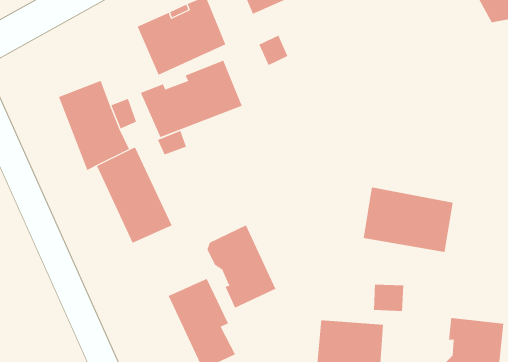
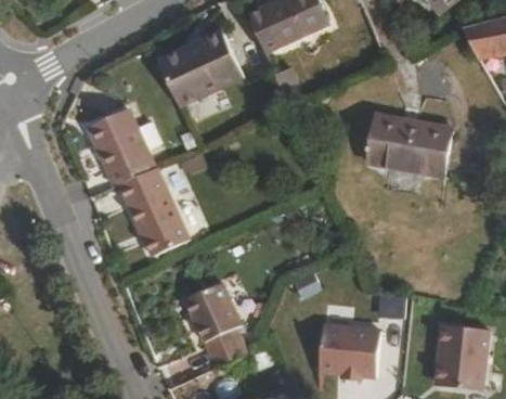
building: [140,60,242,138] -> none
building: [363,187,453,253] -> [367,114,450,173]
building: [207,224,276,308] -> none

